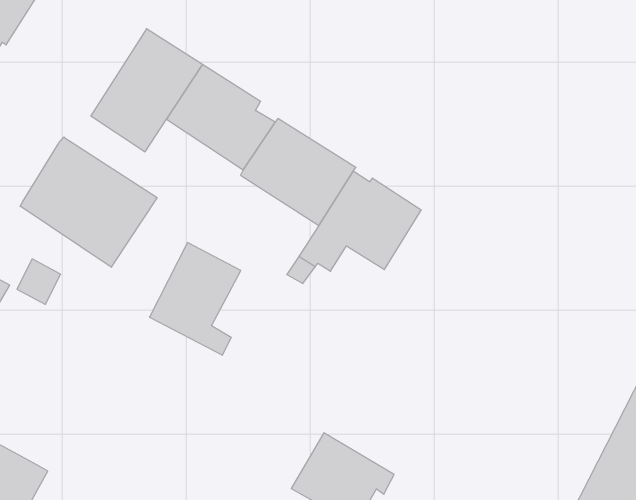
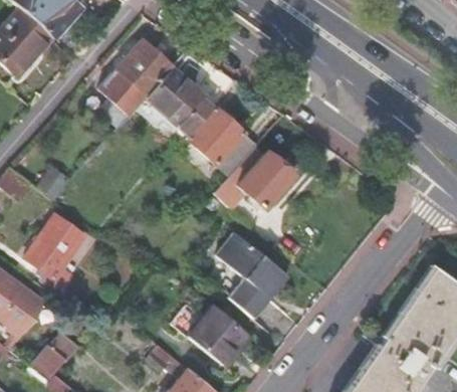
building: [20,137,157,267] -> none
building: [149,243,241,355] -> [26,215,86,287]
building: none -> [217,231,290,317]

